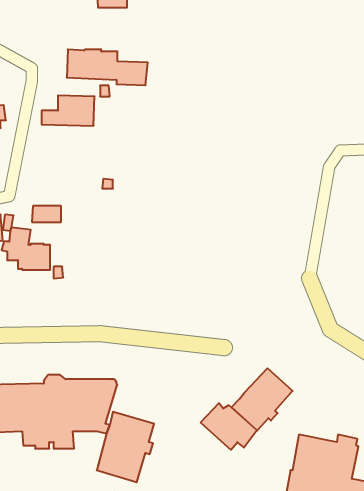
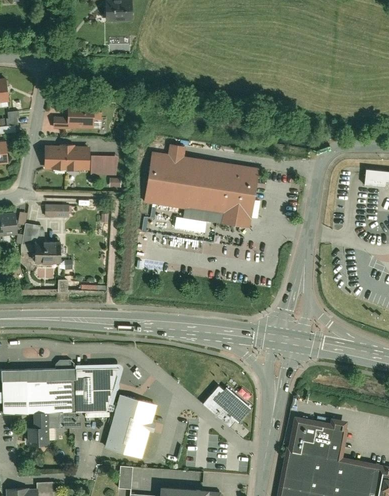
building: [67,49,148,85] -> [43,144,118,177]
building: none -> [143,143,258,228]
building: [232,368,293,431] -> none
building: none -> [27,425,48,445]

